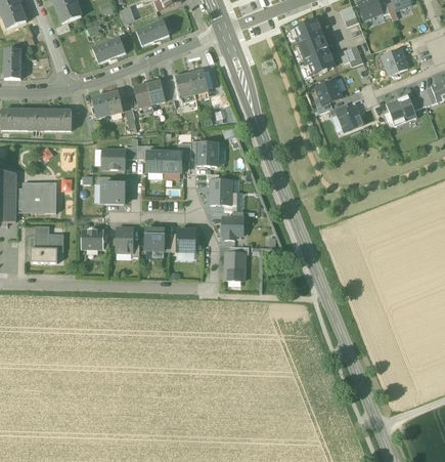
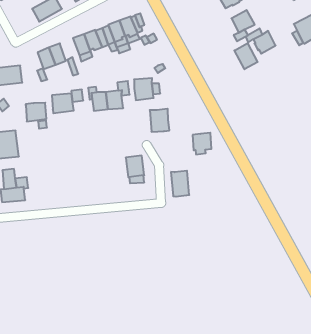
building: none -> [234,43,258,69]
building: [101,182,125,202] -> [26,103,46,121]
building: [222,216,243,239] -> [193,133,211,154]
building: [116,227,133,251] -> none
building: [145,227,165,257] -> none
building: [82,228,103,247] -> none

